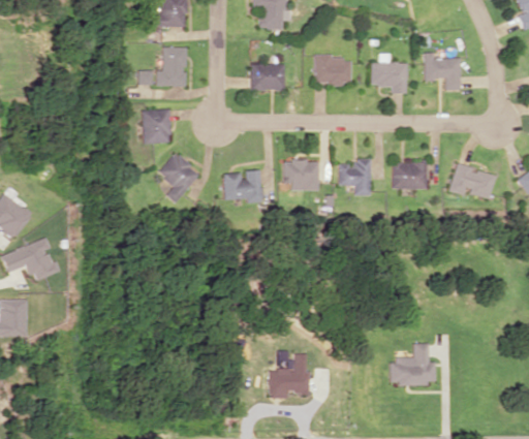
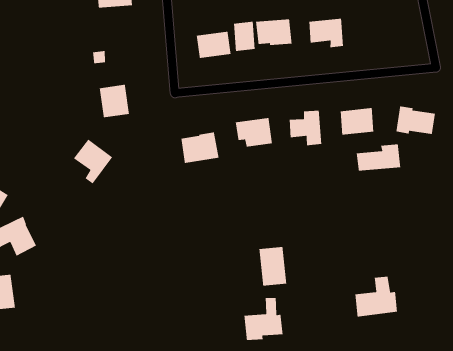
building: [154,48,185,87] -> none
building: [424,53,460,91] -> none
building: none -> [233,21,256,52]
building: [155,153,198,202] -> [73,139,113,184]
building: none -> [356,143,401,172]
building: none -> [258,246,287,287]

